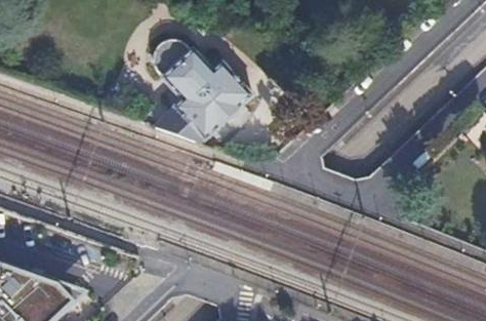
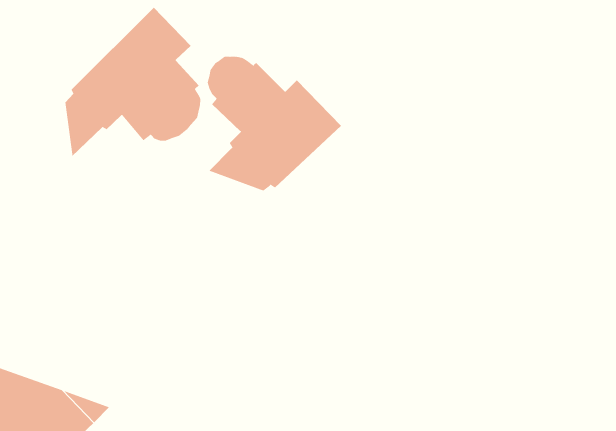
building: none -> [65,7,201,157]

